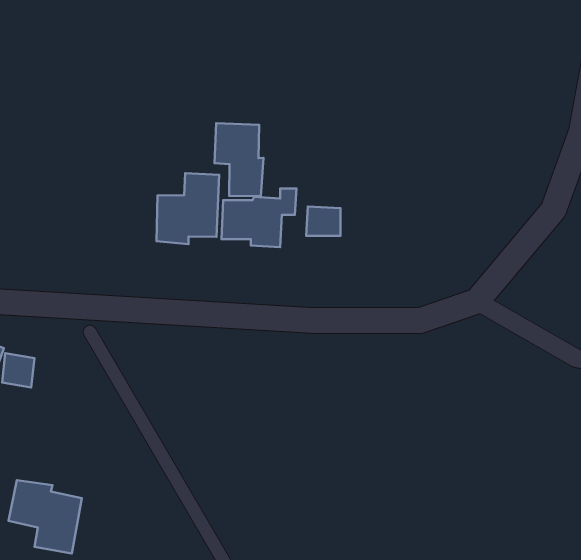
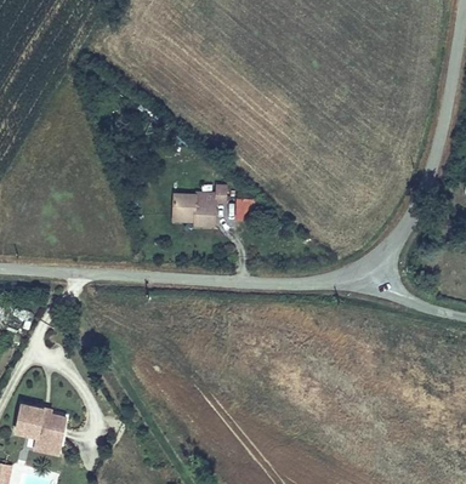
building: [214,123,264,196] -> none
building: [156,173,219,244] -> none

